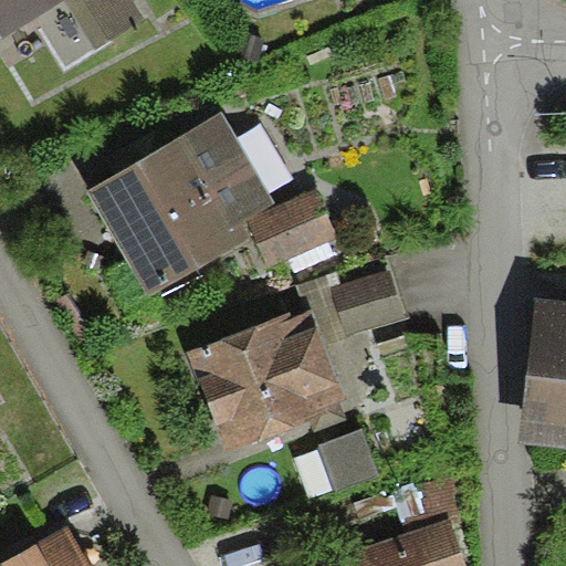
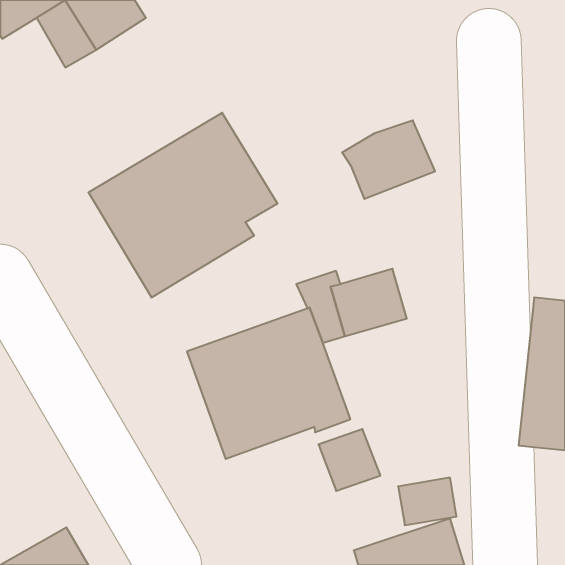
building: [245,190,338,269] -> [342,120,435,199]

